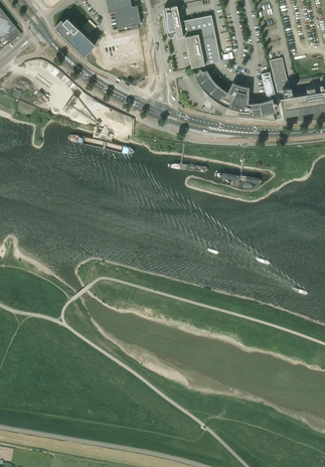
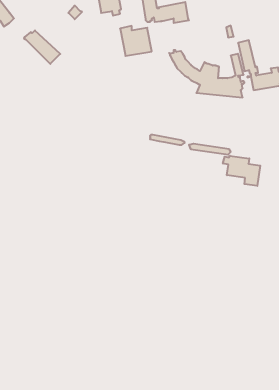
building: [54,19,95,56] -> [24,30,60,64]
building: [185,34,220,67] -> [120,26,152,56]
building: none -> [223,156,260,186]

